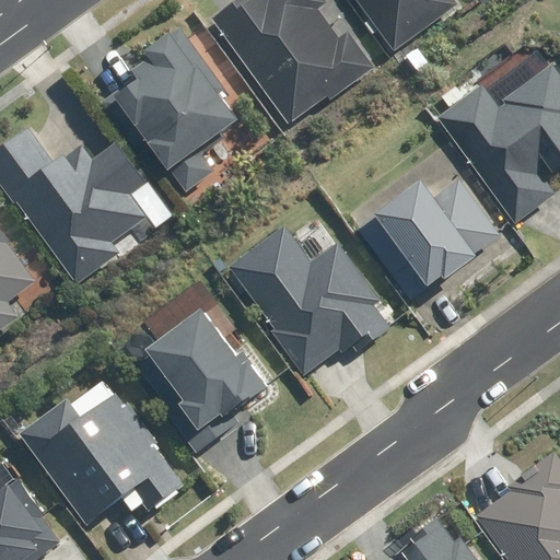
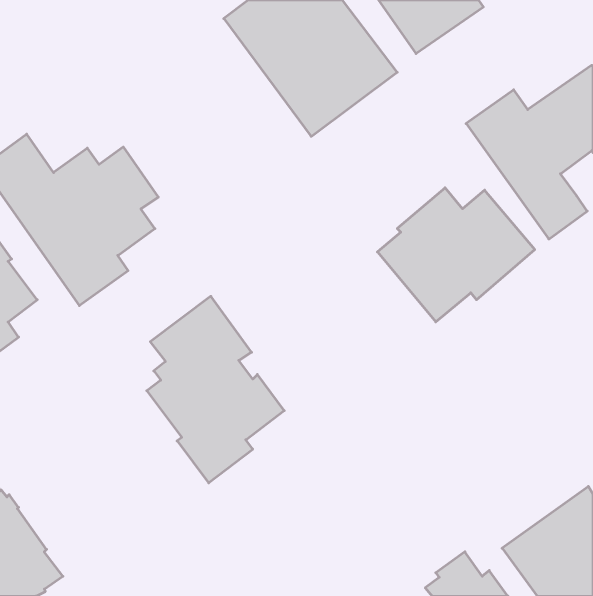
building: [109,25,243,192] -> none
building: [226,223,384,376] -> none
building: [16,378,183,524] -> none

